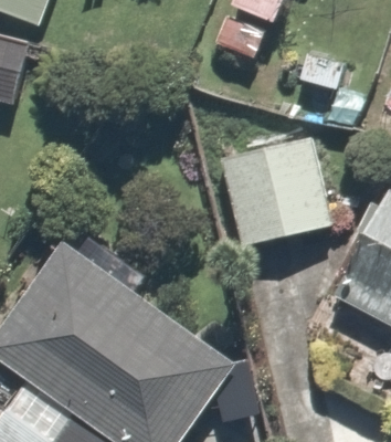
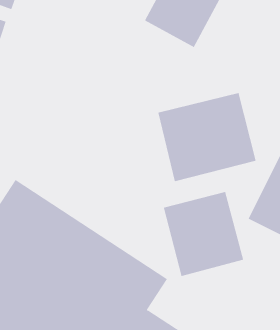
building: none -> [163,191,244,277]

